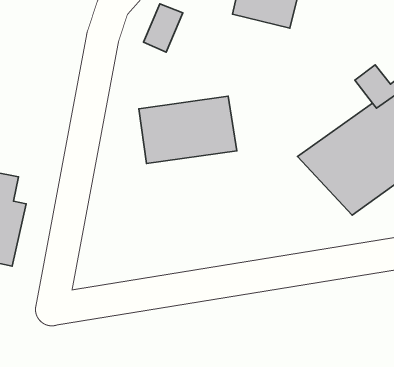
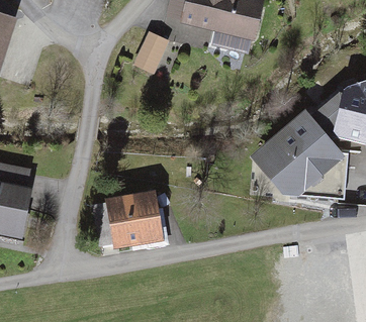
building: [139,96,237,164] -> [92,194,170,247]

